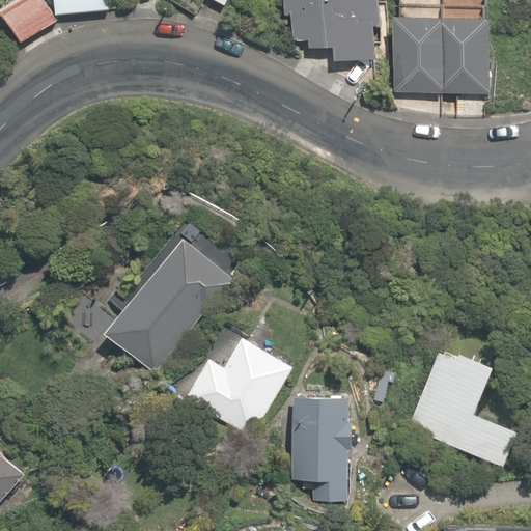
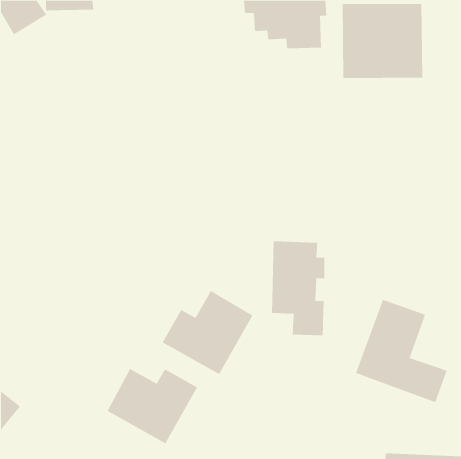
building: [108,239,235,367] -> none
building: [291,395,354,504] -> [271,241,325,336]
building: none -> [107,368,198,444]

